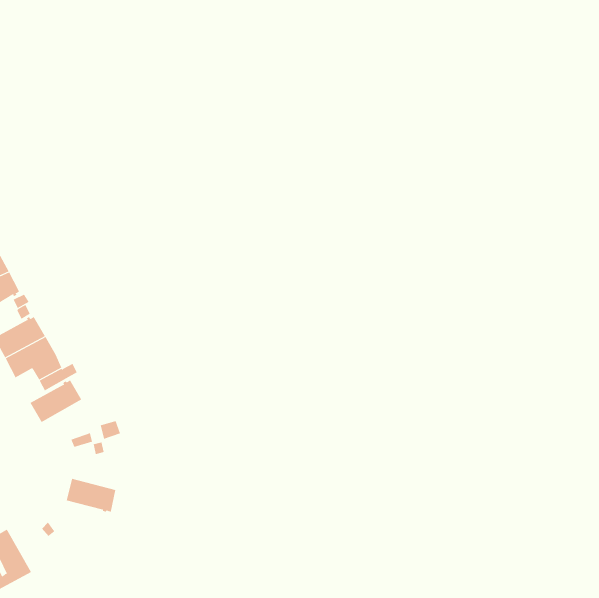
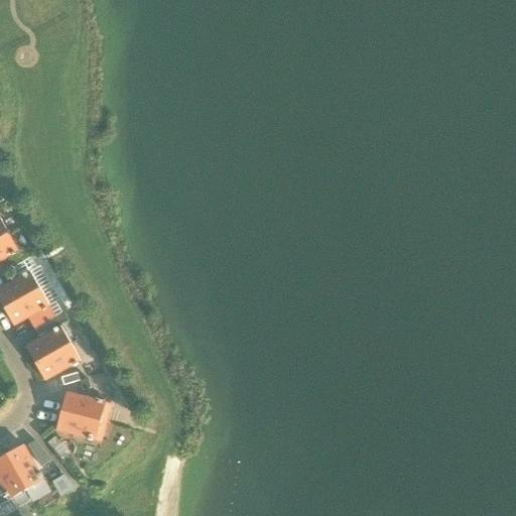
building: none -> [35,343,80,380]
building: none -> [61,392,105,420]
building: none -> [6,444,50,502]

